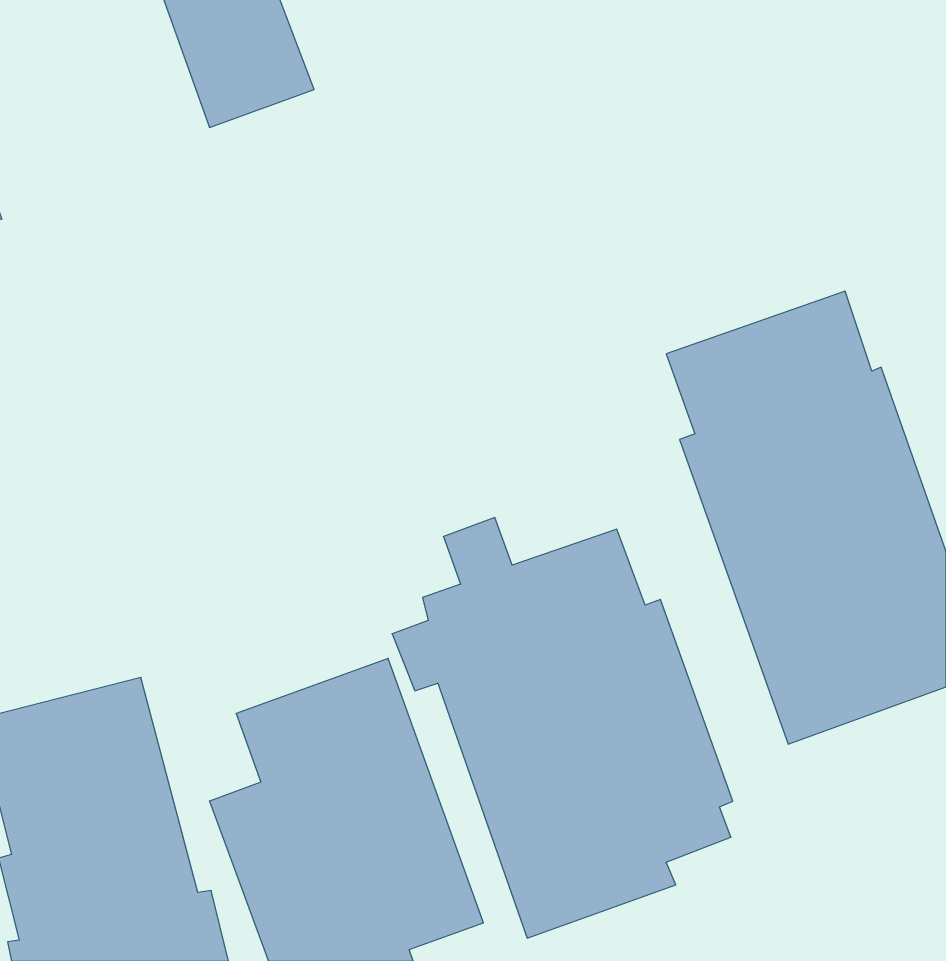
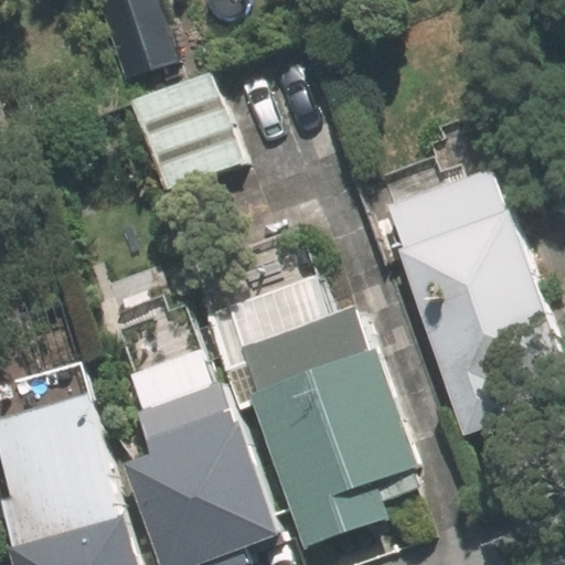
building: none -> [129,72,242,196]

